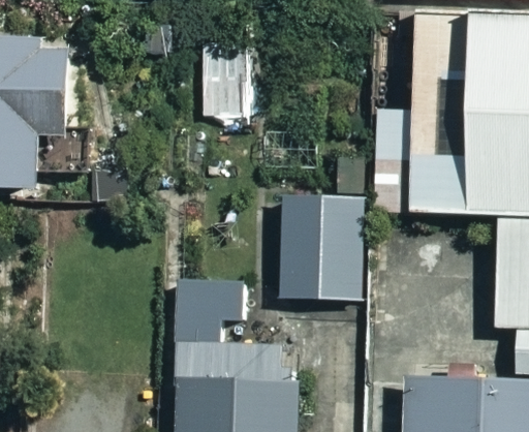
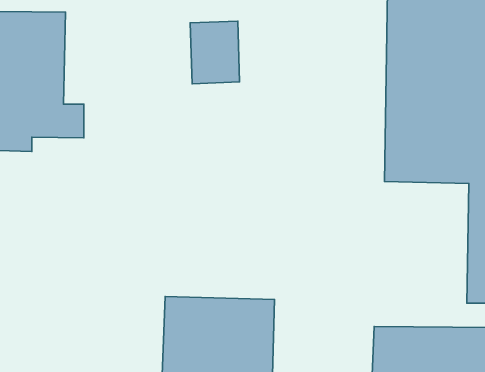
building: [282,196,363,300] -> none

